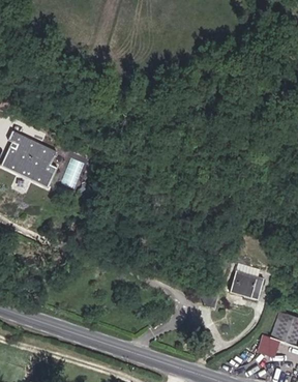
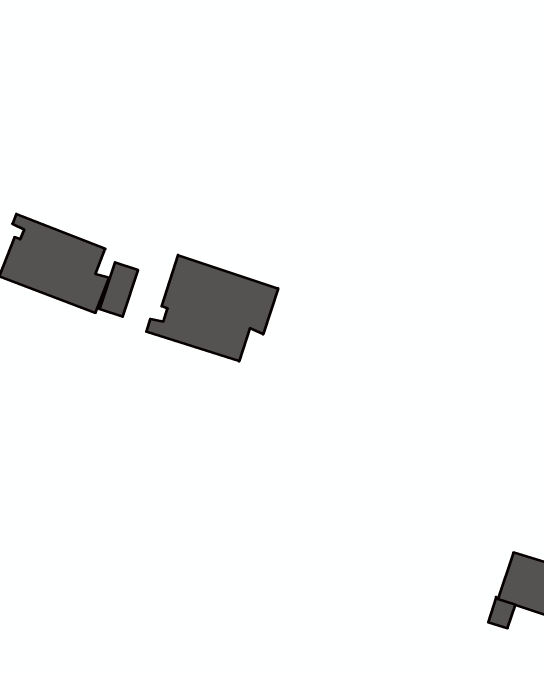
building: none -> [146,255,278,361]
building: [231,272,263,299] -> none

